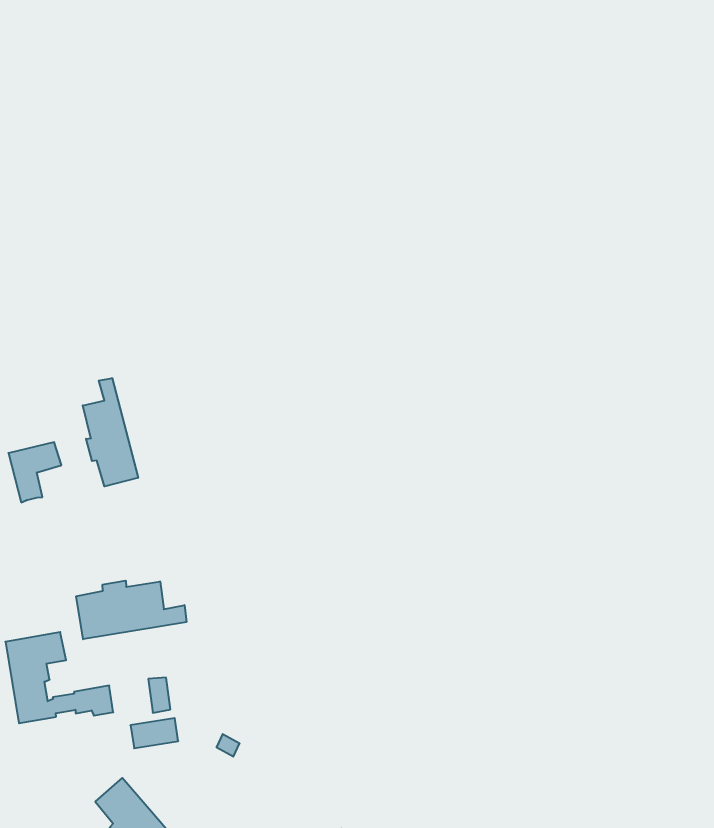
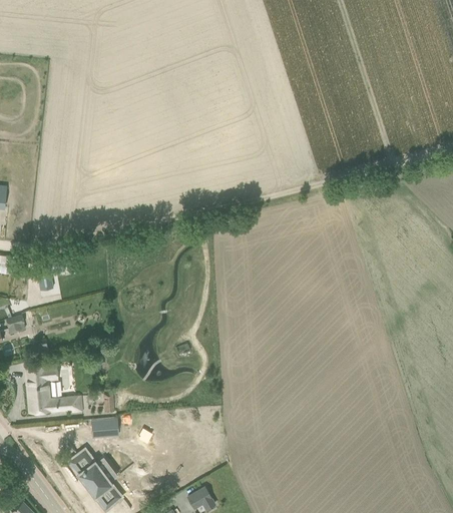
building: [83,378,138,486] -> none
building: [76,581,186,639] -> none

